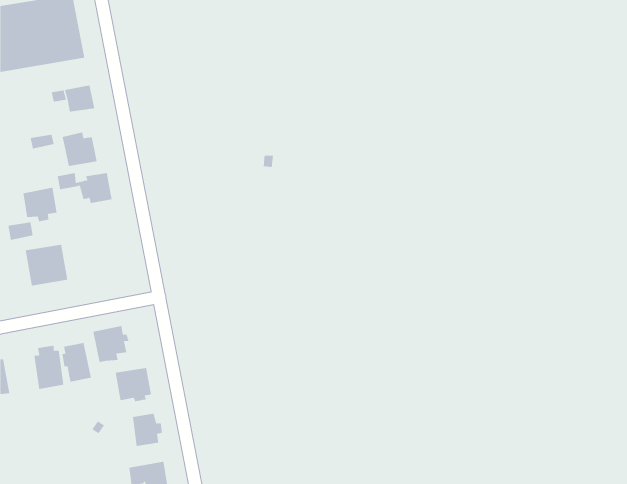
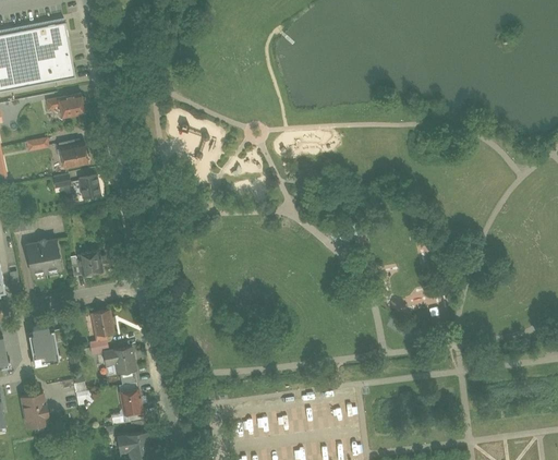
building: [23,187,57,222] -> none
building: none -> [71,250,101,277]
building: [62,342,92,383] -> none
building: none -> [19,390,50,429]

